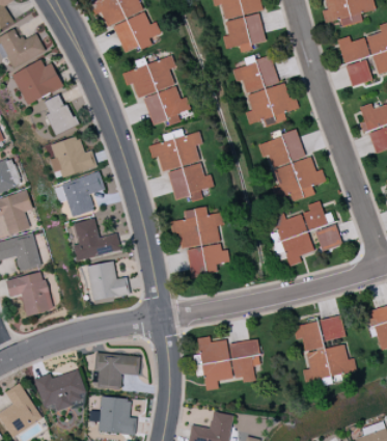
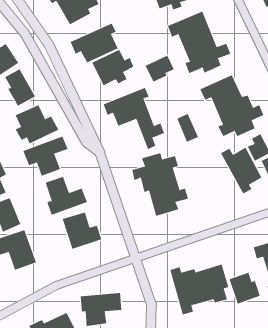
building: none -> [145,55,175,82]
building: [168,168,190,200] -> [177,113,199,143]
building: none -> [229,272,261,304]

